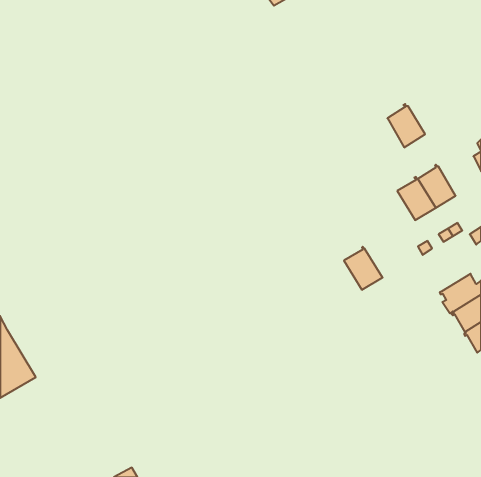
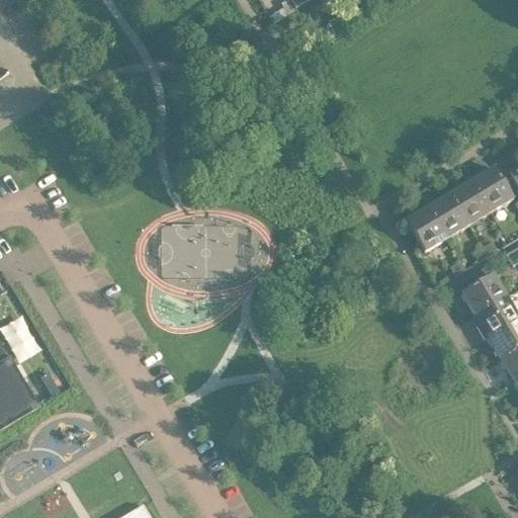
building: [387,104,425,147] -> [471,164,512,210]
building: [344,247,383,290] -> [405,203,446,250]
building: none -> [459,272,506,314]

